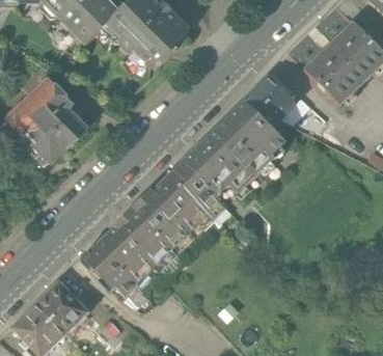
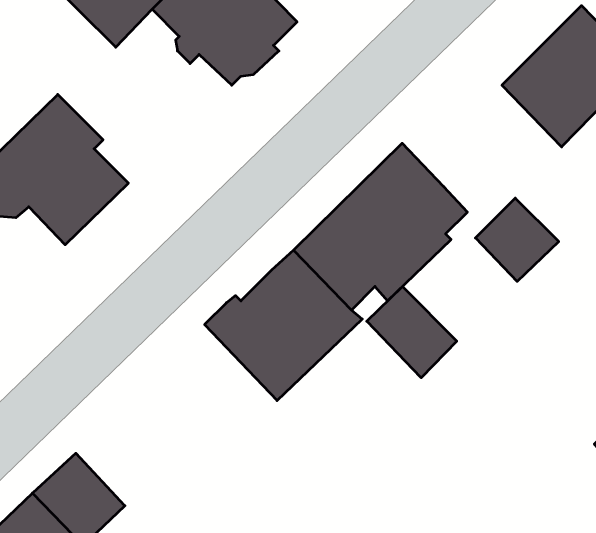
building: [246,79,294,127] -> [475,198,559,281]
building: none -> [367,287,457,378]
building: [86,206,174,296] -> none

